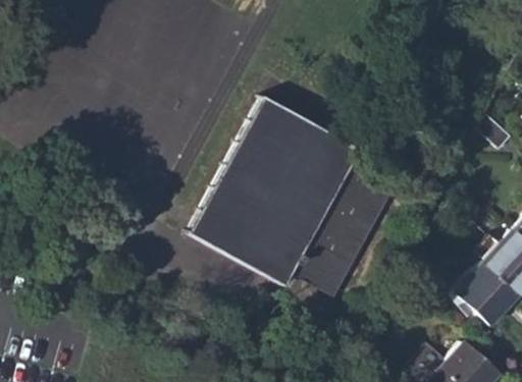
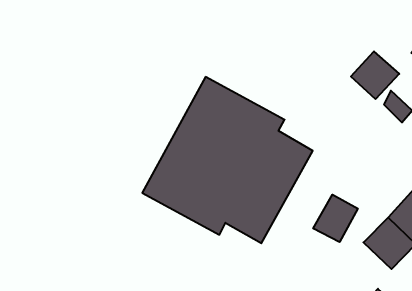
building: none -> [351,51,399,99]
building: none -> [313,195,358,242]

